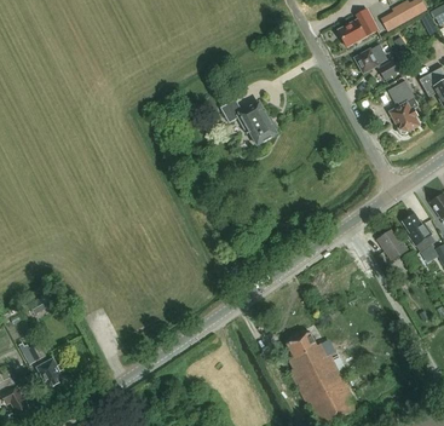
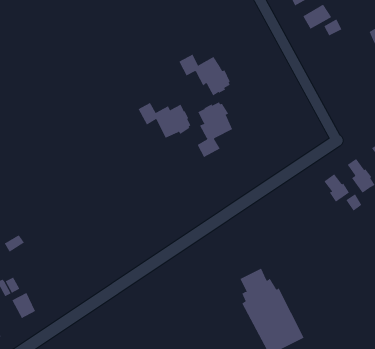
building: [388,81,420,136] -> none
building: none -> [197,102,233,158]
building: none -> [138,102,191,138]

